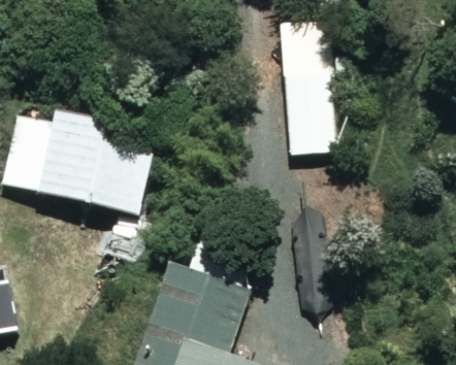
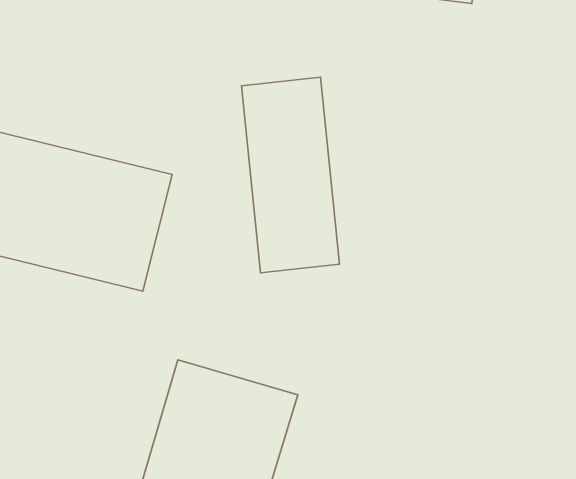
building: [276,25,346,163] -> [242,77,339,273]

